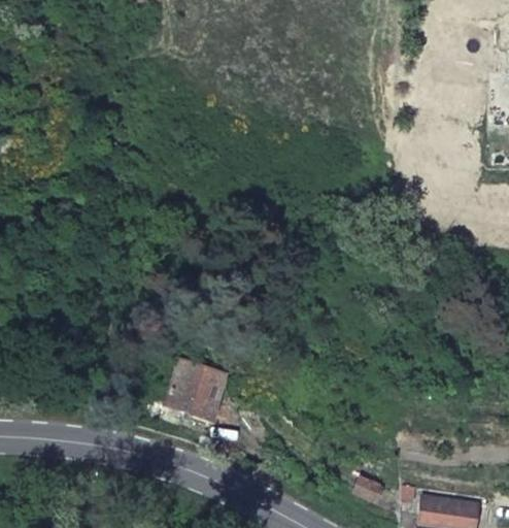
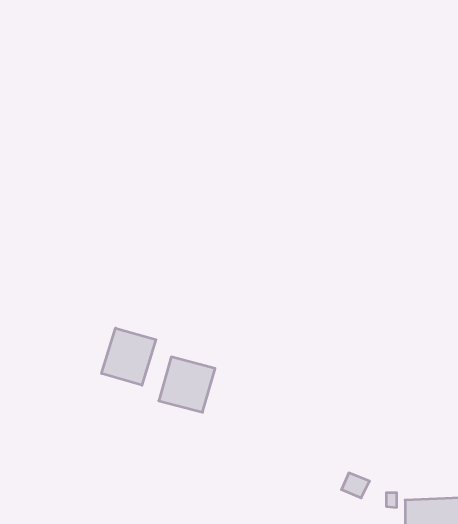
building: none -> [102,328,156,385]

